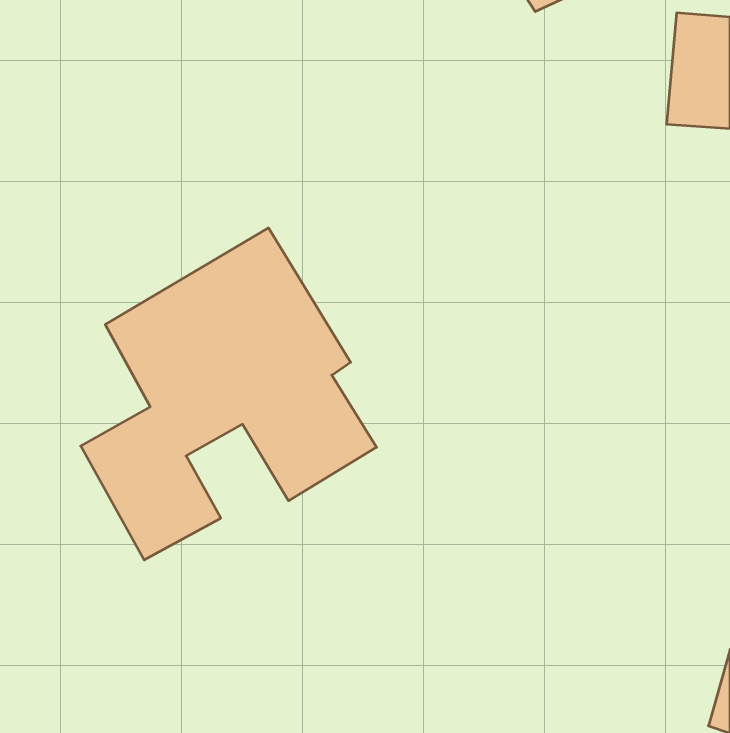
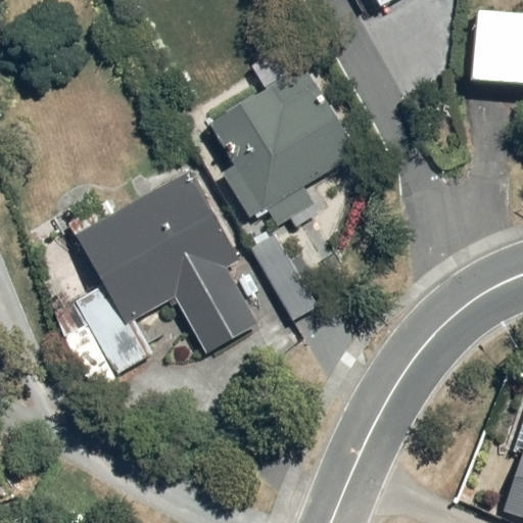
building: none -> [199,62,366,223]

